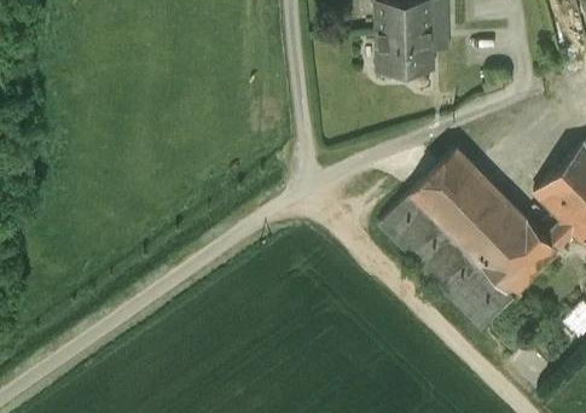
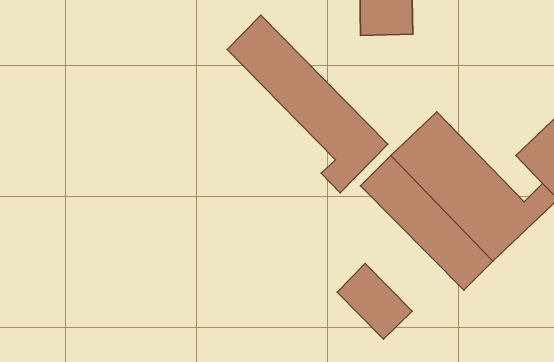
building: none -> [227,15,388,193]
building: none -> [337,263,412,339]

